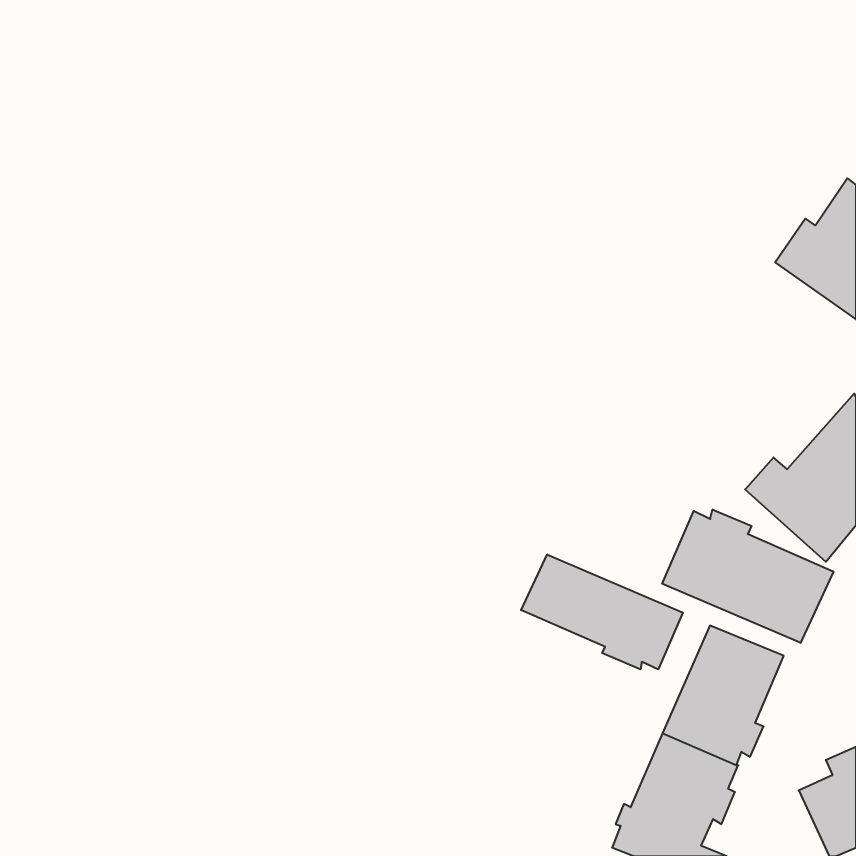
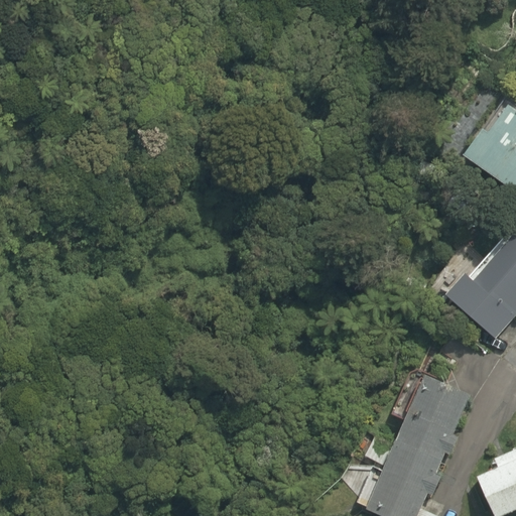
building: [662,509,833,643] -> none
building: [521,554,683,669] -> none

